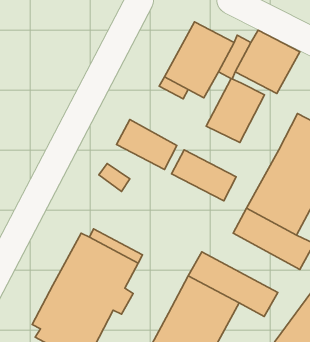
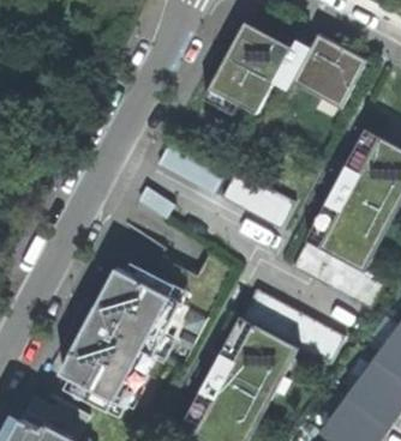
building: [206,79,265,143] -> none

